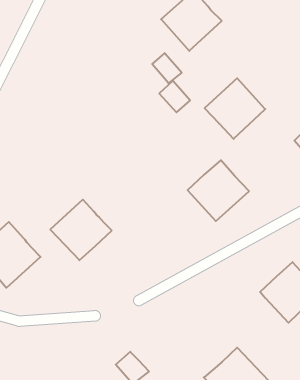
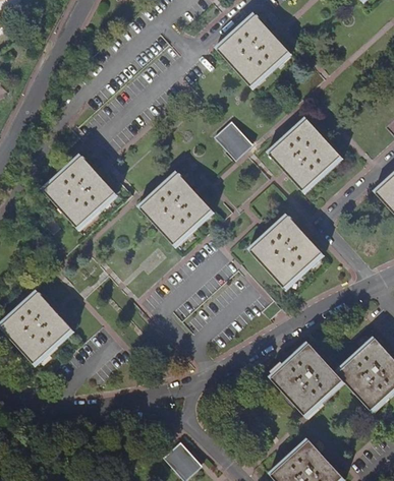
building: [152,53,182,83] -> none
building: none -> [42,155,115,227]
building: [50,200,112,260] -> [139,172,213,244]
building: none -> [269,342,341,414]

